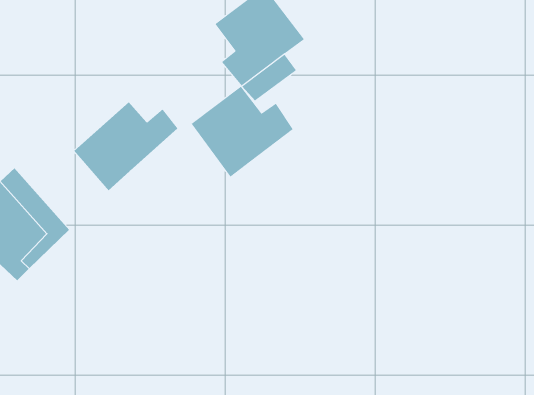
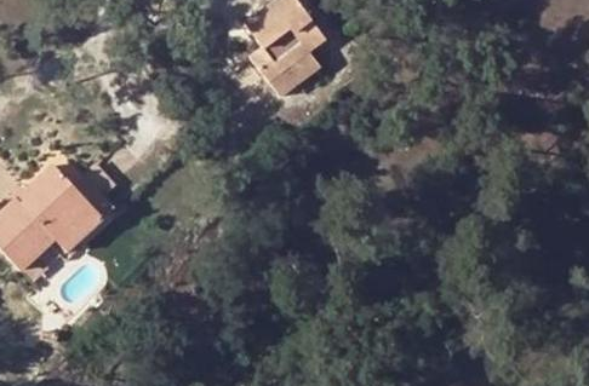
building: [191,86,294,177] -> none
building: [74,102,178,191] -> none

